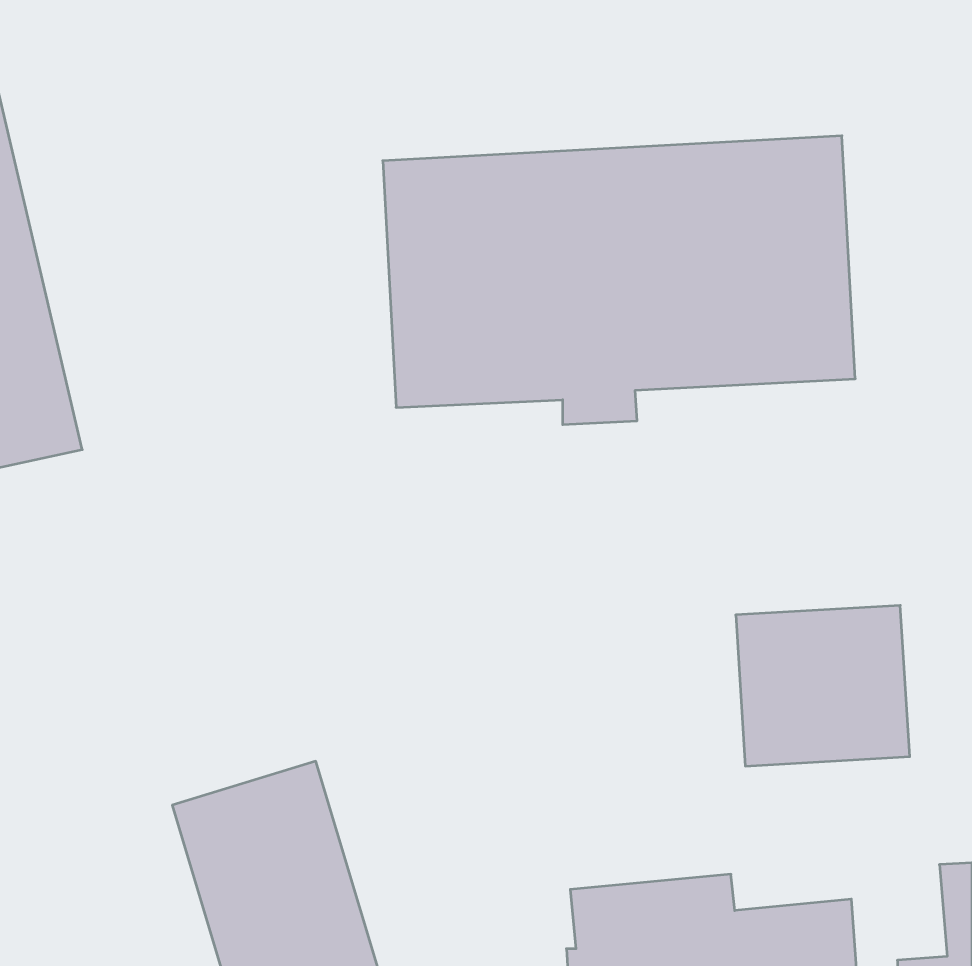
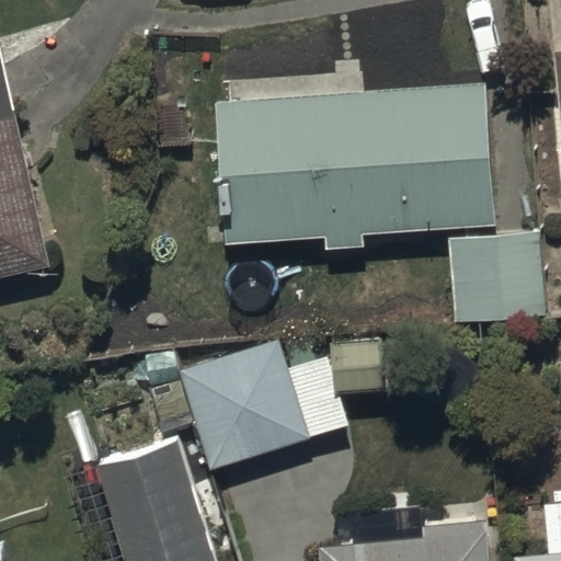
building: none -> [148,339,383,472]
building: [736,605,910,766] -> [449,236,549,328]

